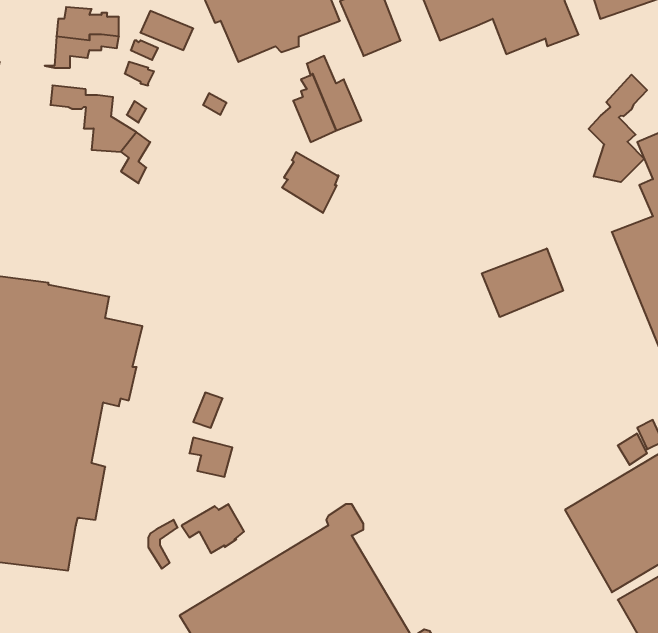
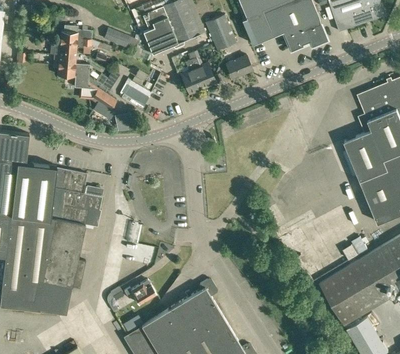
building: none -> [54,51,89,72]
building: none -> [226,56,253,79]
building: [589,75,647,182] -> none
building: [282,152,339,213] -> [121,80,150,111]
building: [482,248,563,317] -> none

